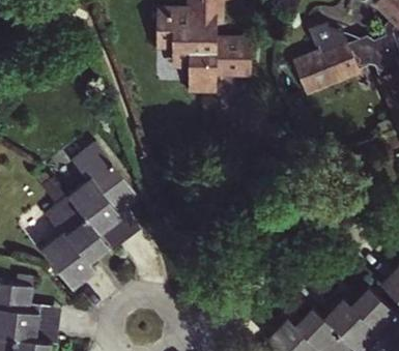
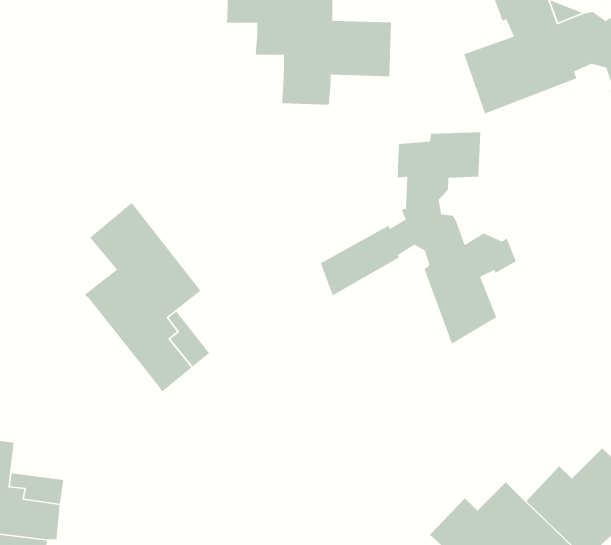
building: none -> [320,131,517,345]
building: [45,202,111,294] -> none

